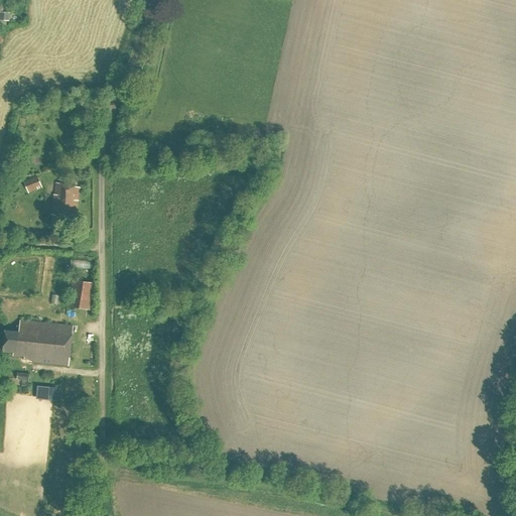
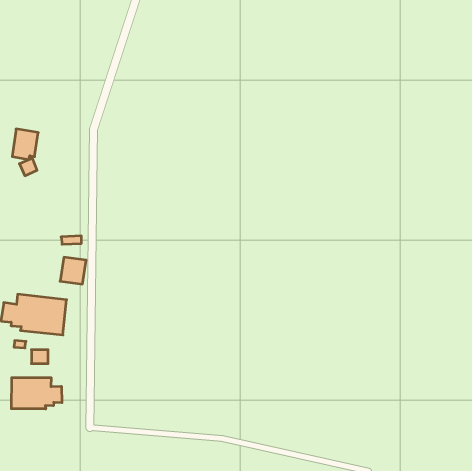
building: [50,182,79,216] -> [12,129,38,159]
building: none -> [11,378,62,409]

